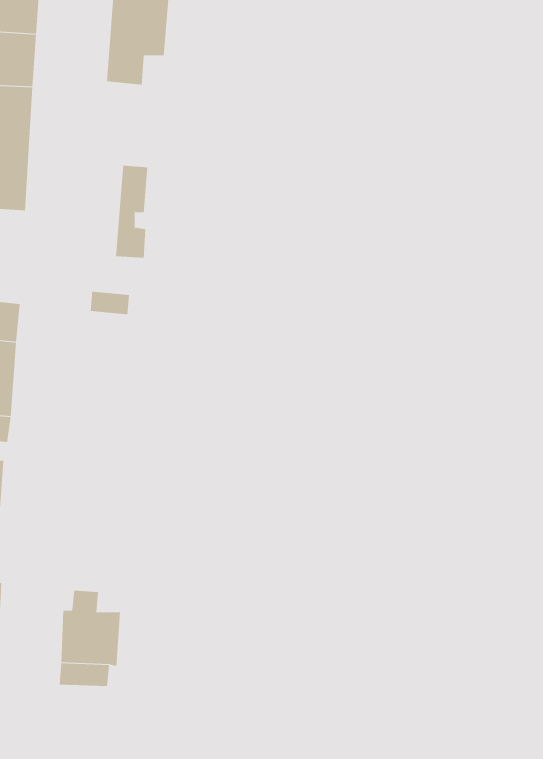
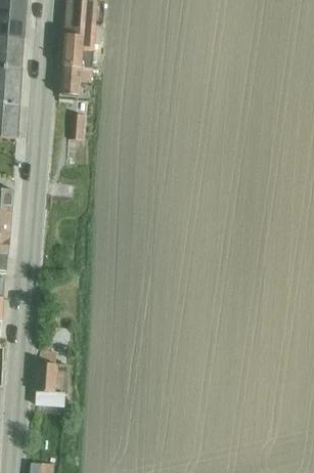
building: none -> [59,66,93,96]

